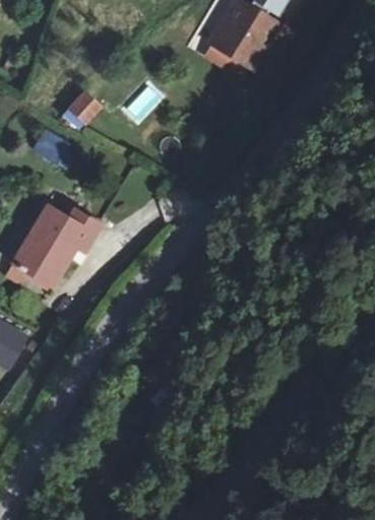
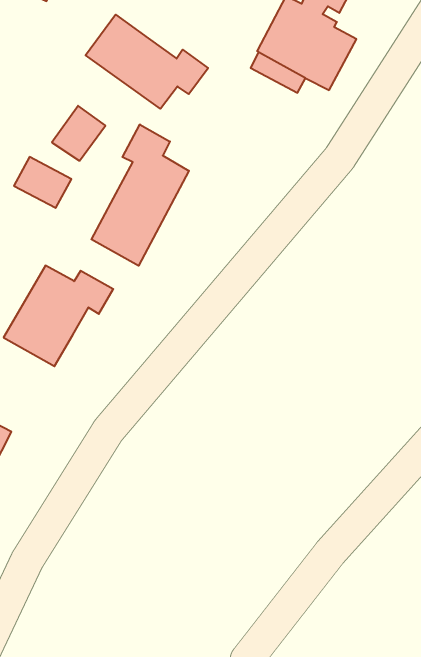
building: none -> [86,15,208,109]
building: none -> [91,124,189,266]

